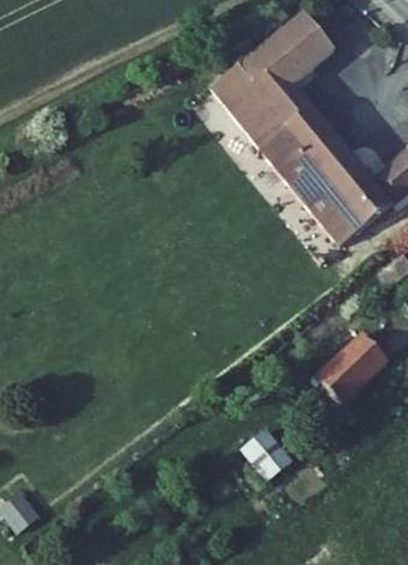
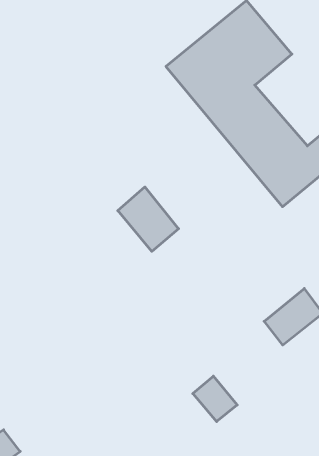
building: none -> [118,187,179,251]

